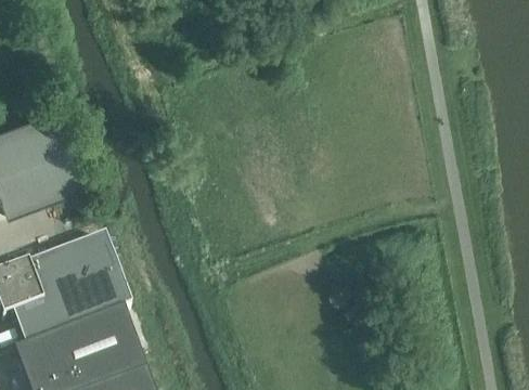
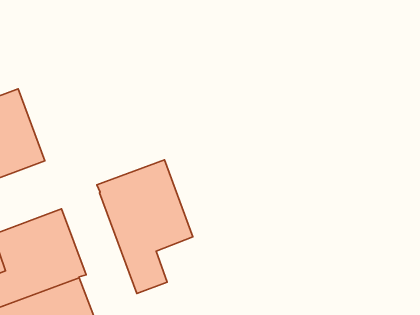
building: none -> [97,160,193,294]

